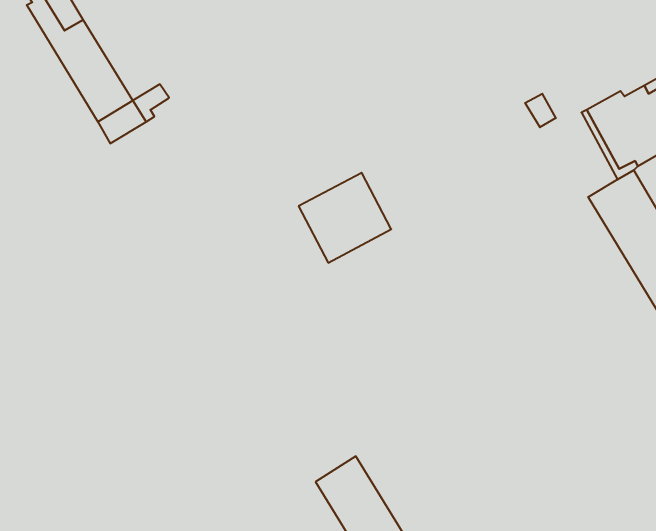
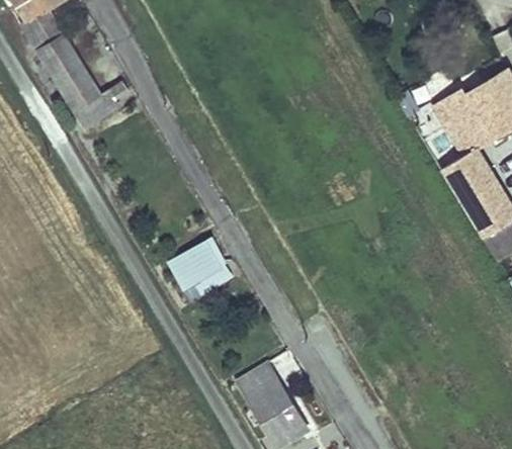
building: [299,173,391,263] -> [165,234,235,301]

